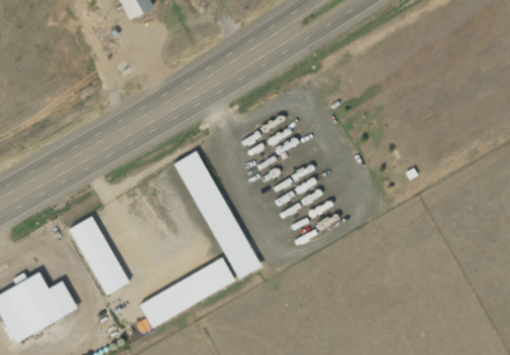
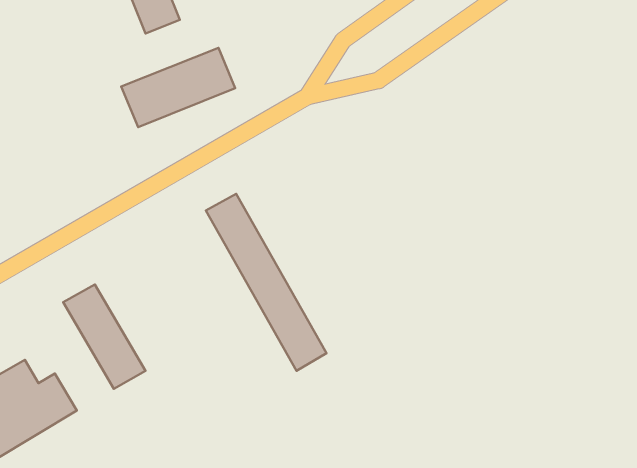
building: none -> [121,48,235,127]
building: [138,256,235,328] -> none

